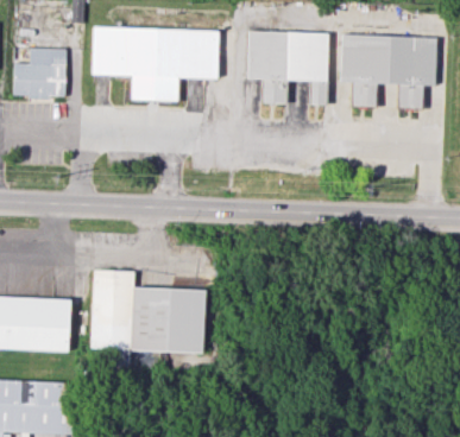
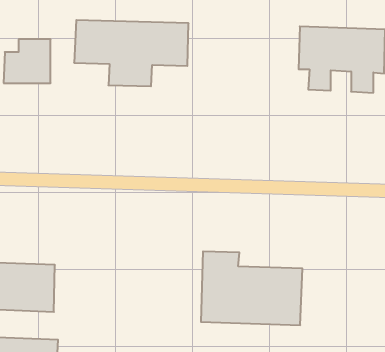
building: [248,32,328,104] -> none
building: [92,271,204,353] -> [201,251,302,325]

